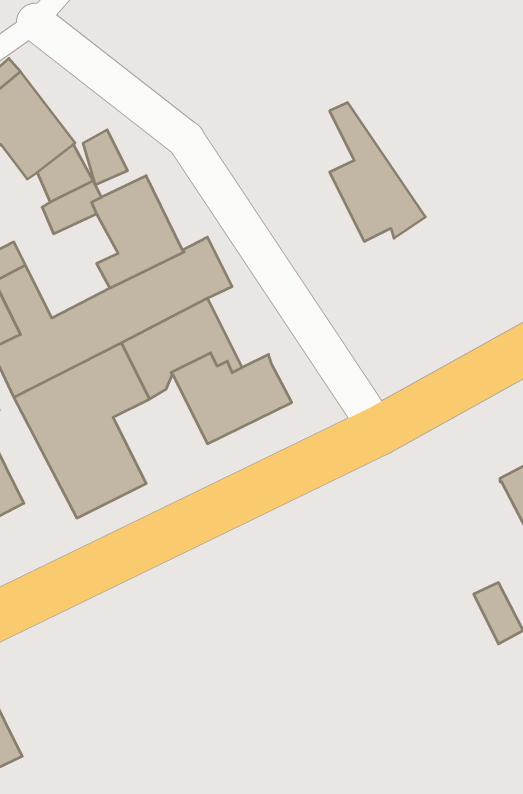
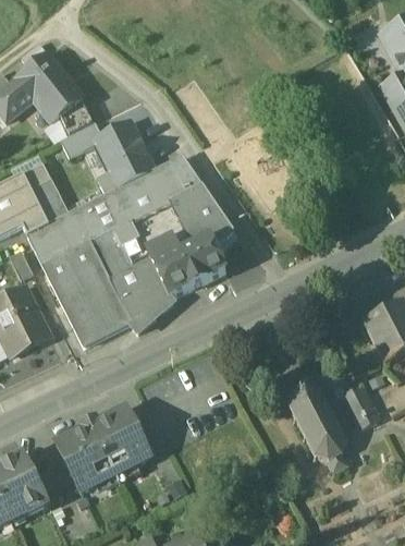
building: [330,103,425,241] -> [170,154,233,245]
building: [83,130,127,185] -> none
building: none -> [108,250,172,330]
building: none -> [285,384,349,471]
building: none -> [56,407,150,490]

